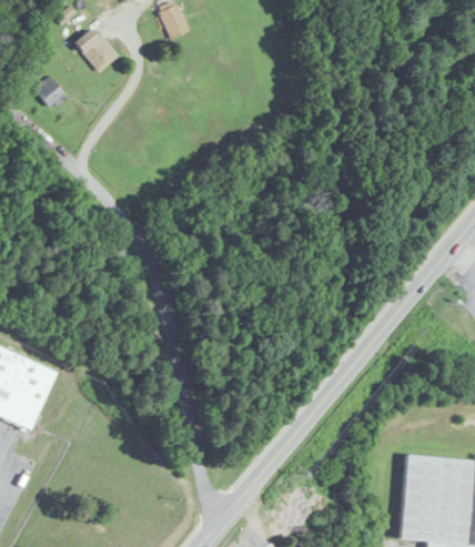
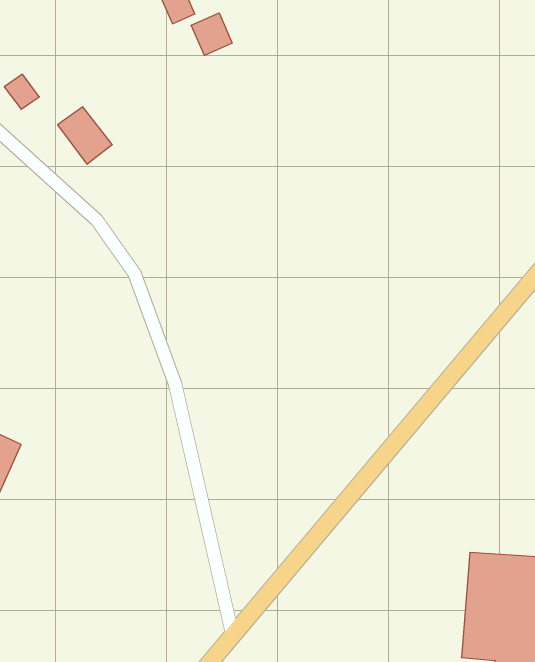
building: [74,27,118,72] -> [58,107,112,164]
building: none -> [191,13,232,55]

